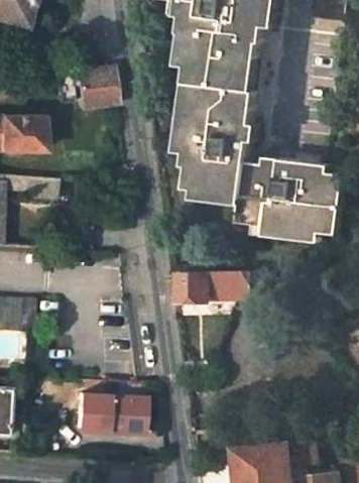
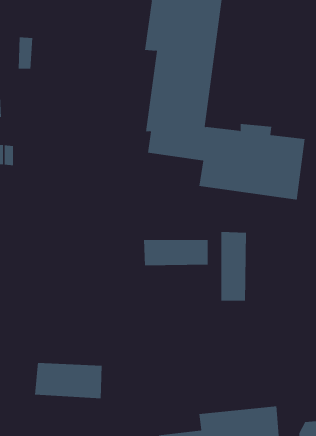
building: [72,69,110,109] -> none
building: none -> [221,231,247,301]

